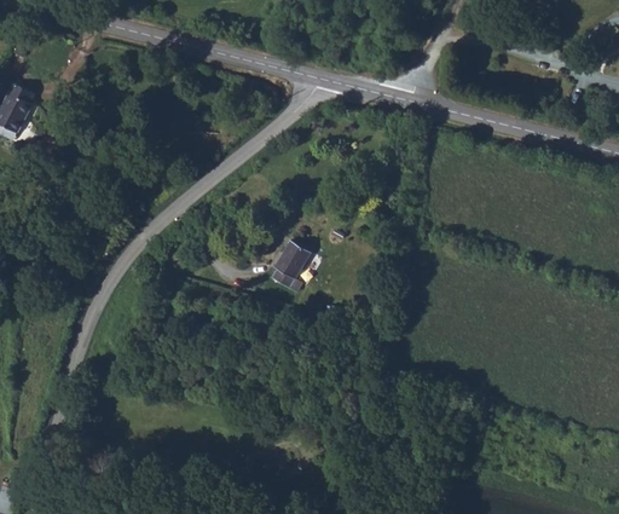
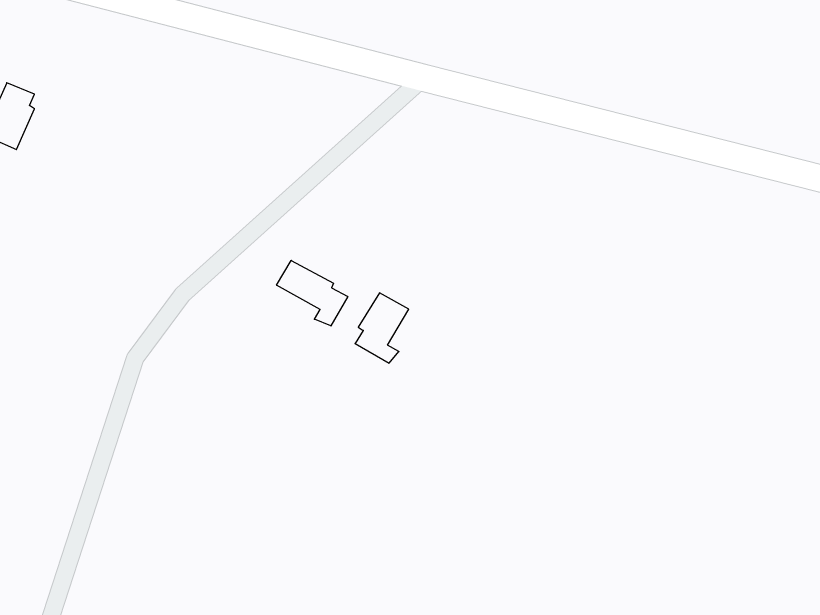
building: none -> [277,260,348,326]

